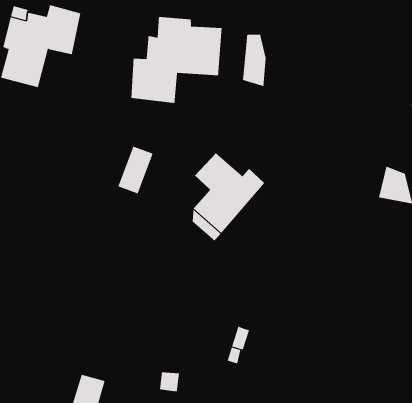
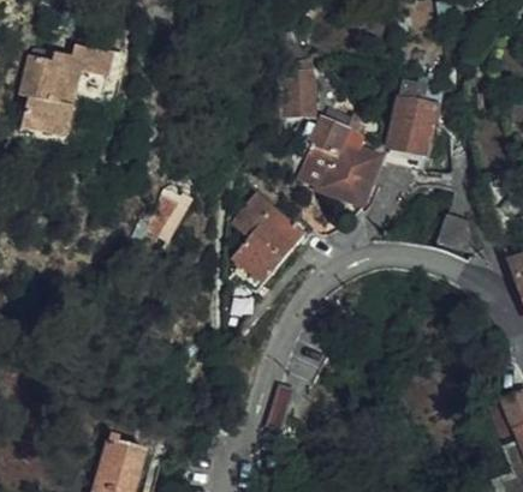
building: [131,16,222,104] -> none
building: none -> [390,85,436,158]
building: none -> [298,124,379,204]

